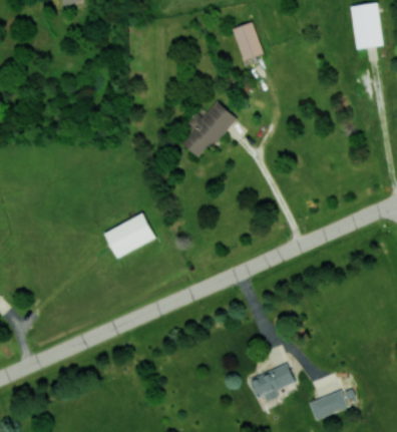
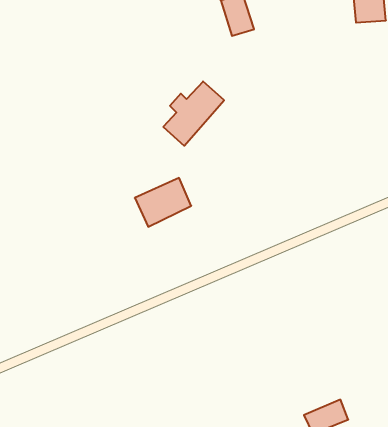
building: [104,213,155,258] -> [135,178,191,227]
building: [249,364,295,401] -> none

